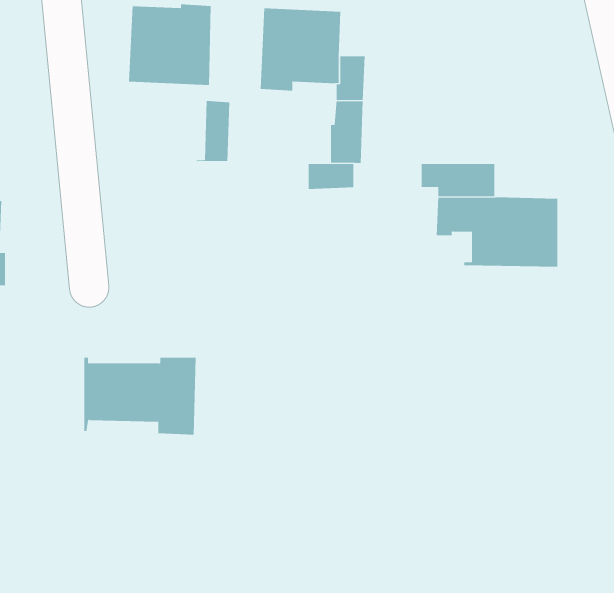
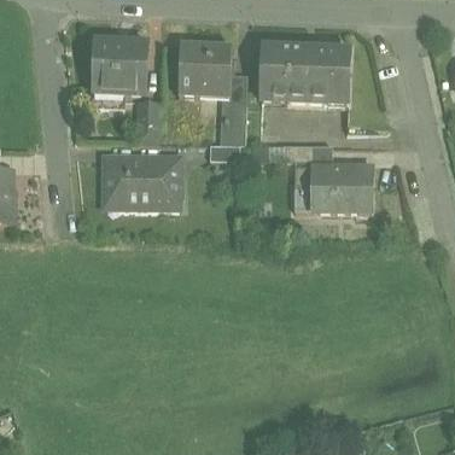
building: none -> [262,45,350,101]
building: [83,357,196,435] -> [105,156,179,206]

